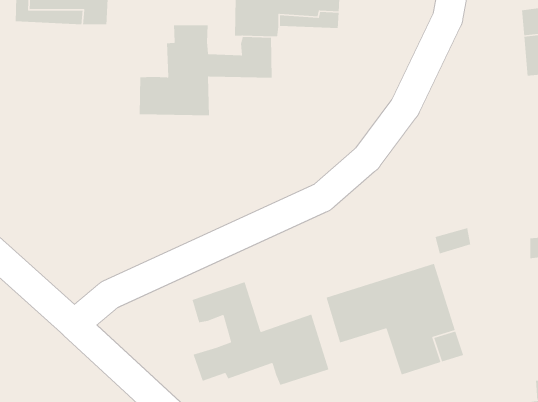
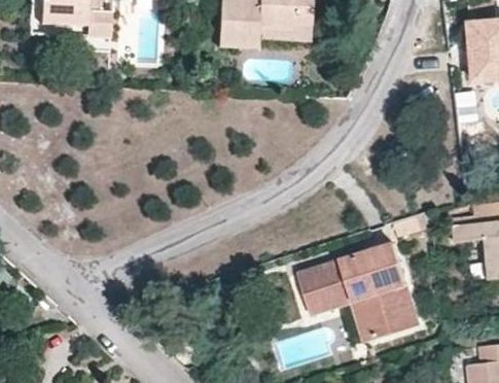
building: [139,25,273,116] -> none
building: [192,281,330,386] -> none

